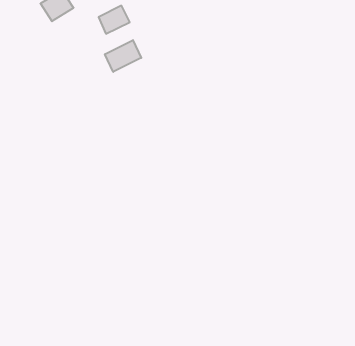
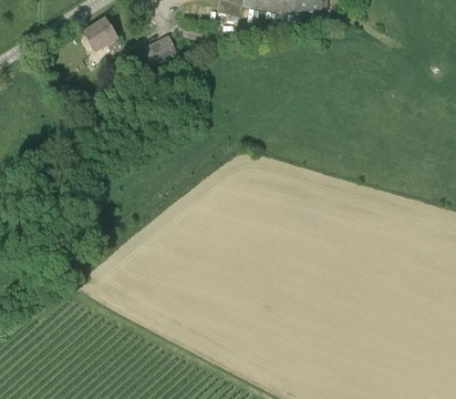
building: [105,40,141,72] -> none

